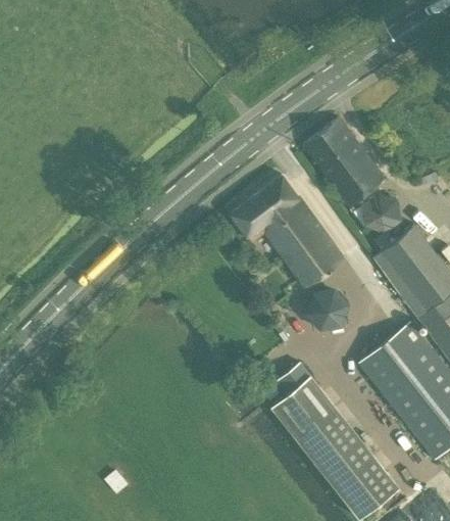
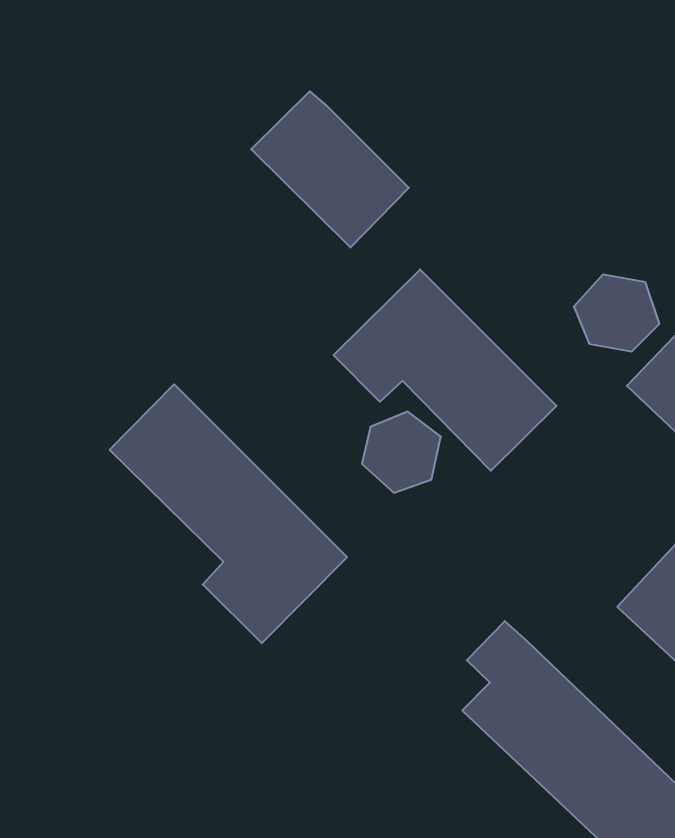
building: [304,122,383,205] -> [251,91,409,248]
building: none -> [110,384,347,643]
building: [306,290,349,331] -> [362,412,441,493]

